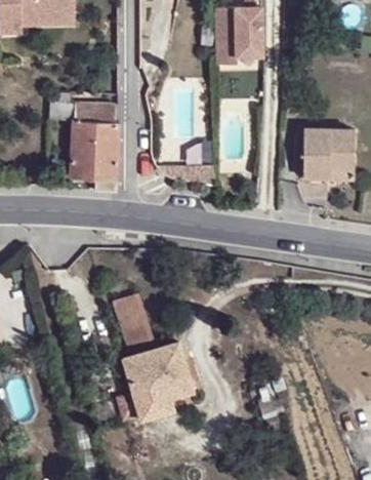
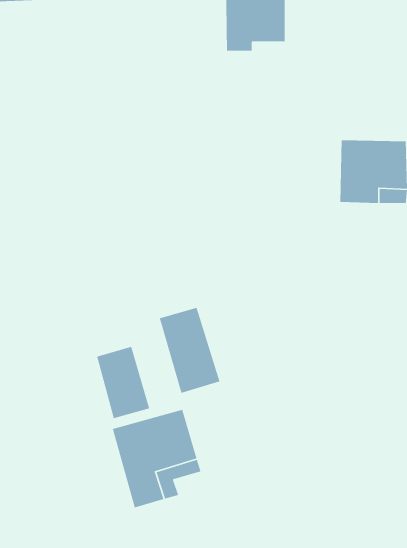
building: [70,102,120,191] -> none
building: none -> [159,307,220,394]

